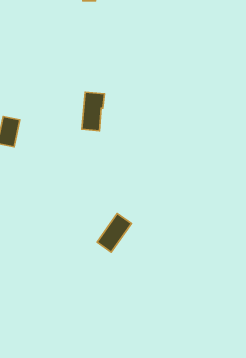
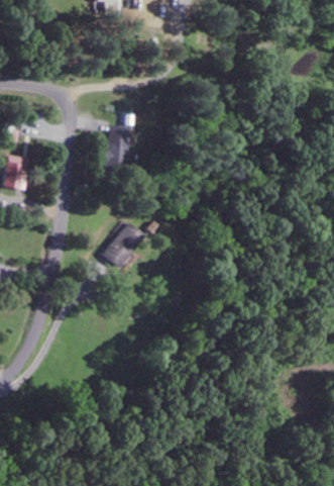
building: [97,214,131,252] -> [103,221,144,268]

